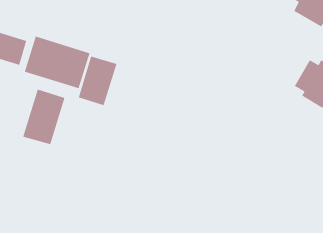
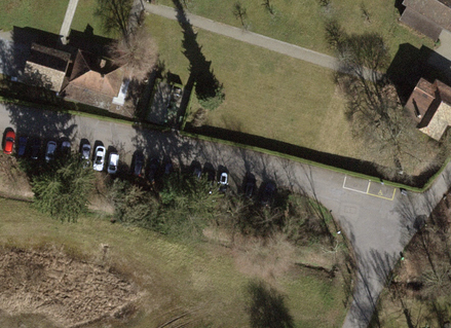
building: [78,56,117,106] -> none
building: [22,88,65,145] -> none

